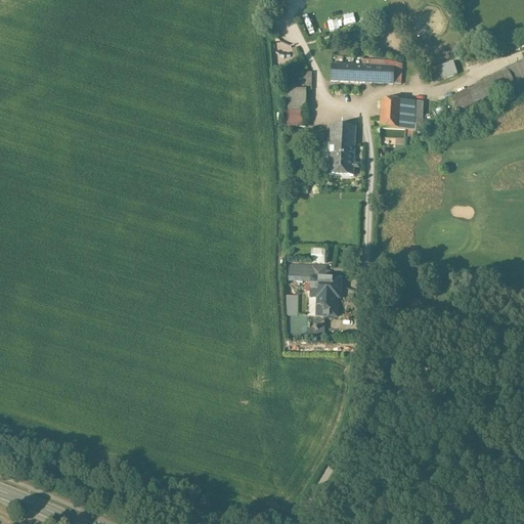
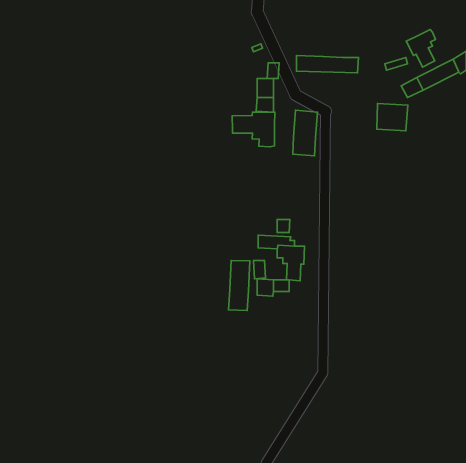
building: none -> [406,29,436,67]
building: [381,98,416,129] -> [377,103,408,131]
building: none -> [232,112,275,147]
building: none -> [228,260,250,311]

